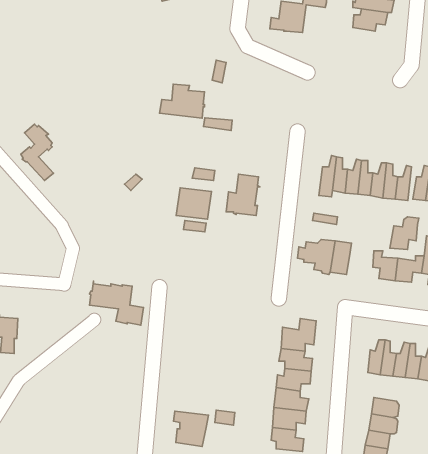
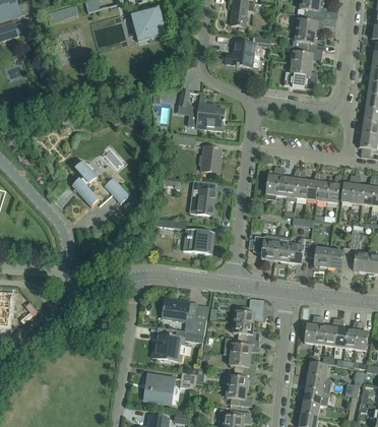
building: none -> [282,62,317,88]
building: [159,84,205,118] -> [187,103,224,130]
building: [21,124,53,181] -> [71,161,98,206]
building: none -> [201,146,221,173]
building: [176,188,211,219] -> [182,228,210,253]
building: [390,217,419,250] -> [287,237,310,263]
building: [90,281,143,325] -> [162,298,205,333]
building: none -> [151,332,185,361]

